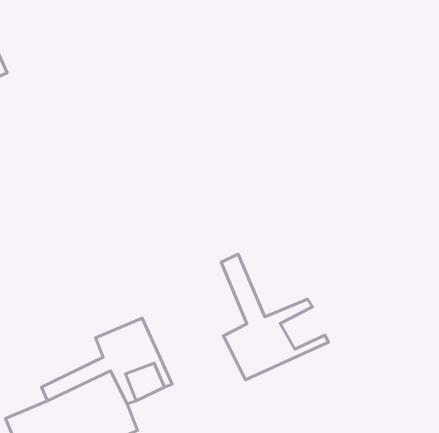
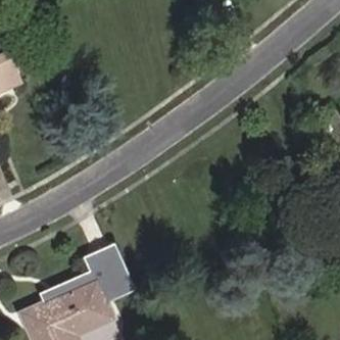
building: [221,254,328,380] -> none

